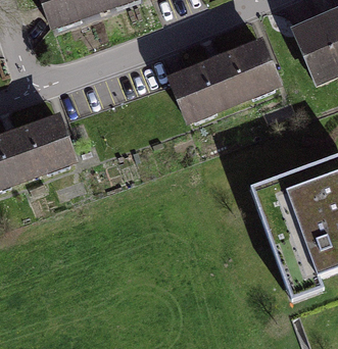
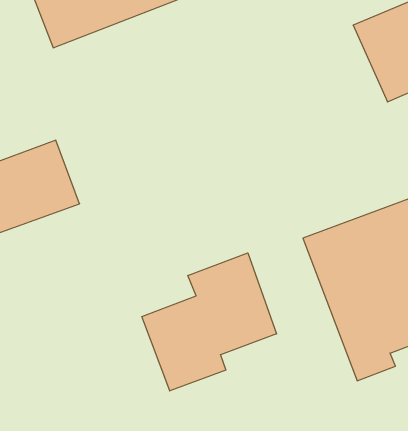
building: [167,36,284,128] -> none
building: none -> [142,253,277,391]

